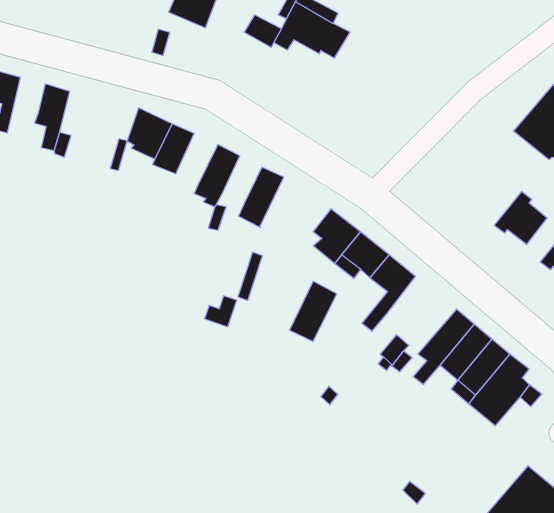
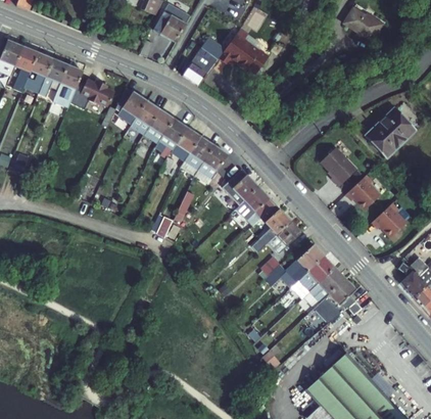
building: none -> [183,48,217,86]
building: none -> [39,58,67,96]
building: none -> [81,79,114,105]
building: none -> [144,109,174,143]
building: none -> [320,147,356,186]
building: none -> [173,128,200,158]
building: none -> [269,221,301,253]
building: [289,281,337,341] -> [194,145,228,184]

